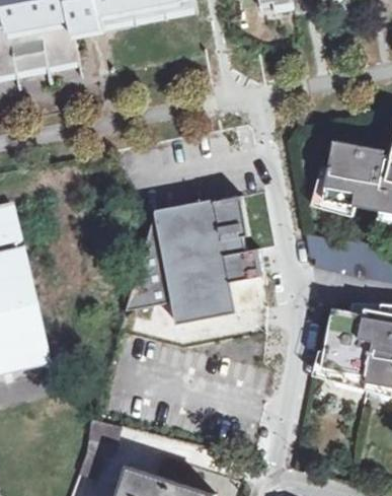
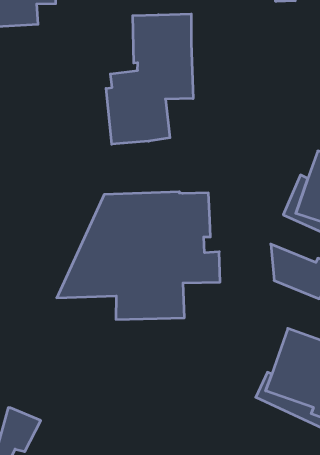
building: none -> [106,14,193,144]

